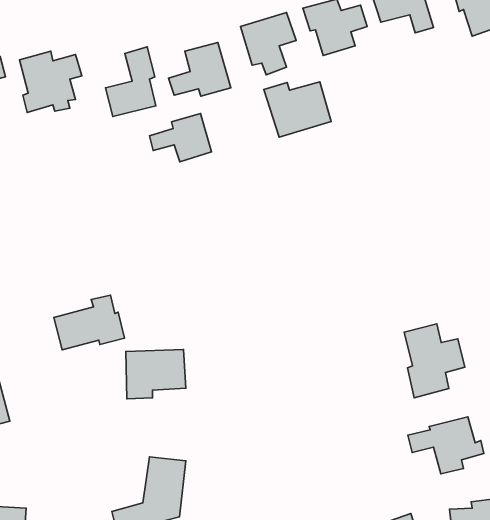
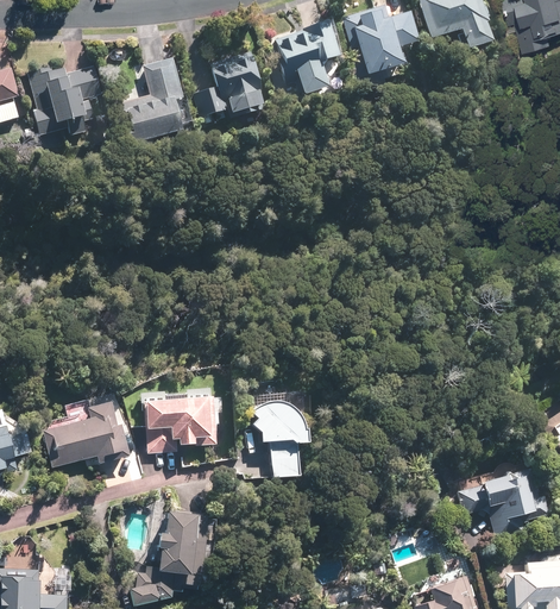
building: [264,82,331,137] -> none
building: [150,114,212,162] -> none
building: [54,295,124,350] -> [50,404,128,465]
building: [404,324,465,398] -> none
building: none -> [260,404,297,476]

